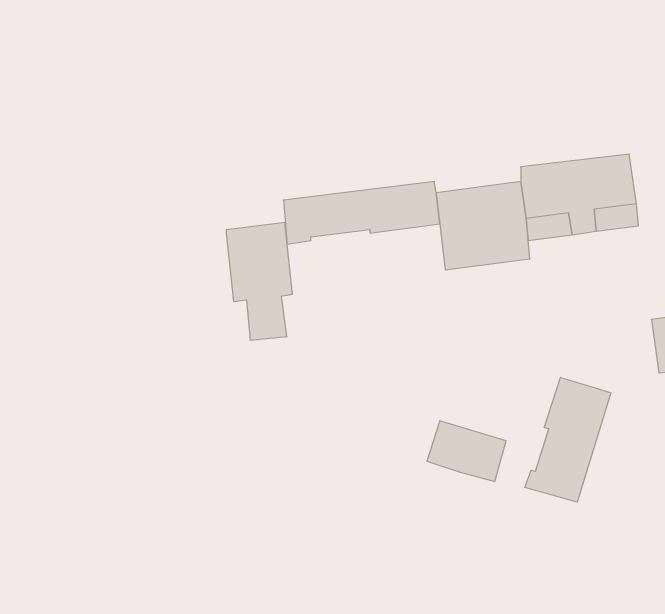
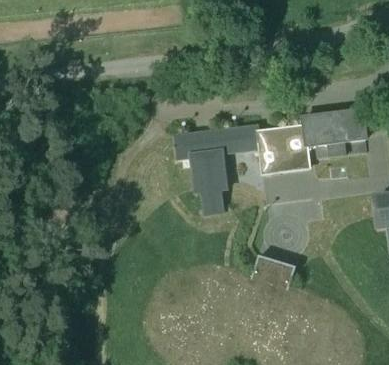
building: [226,223,292,340] -> [189,150,225,214]
building: [525,377,611,502] -> none

